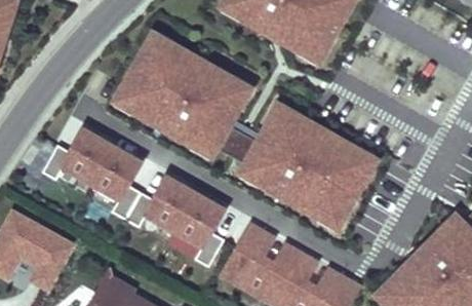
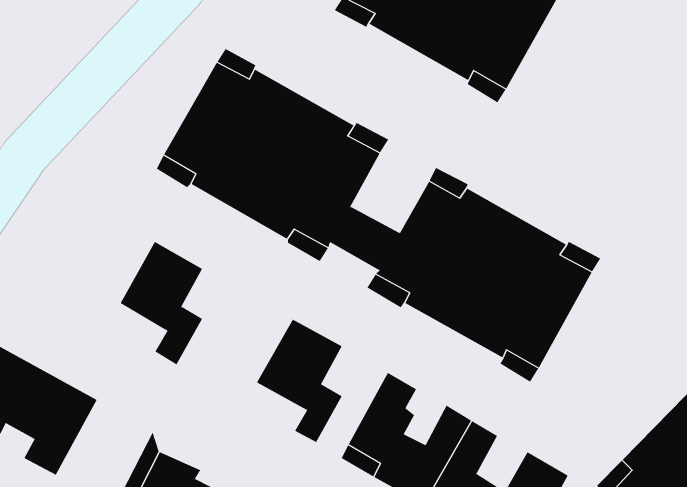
building: [41,131,111,185] -> none
building: [124,179,193,232] -> none

